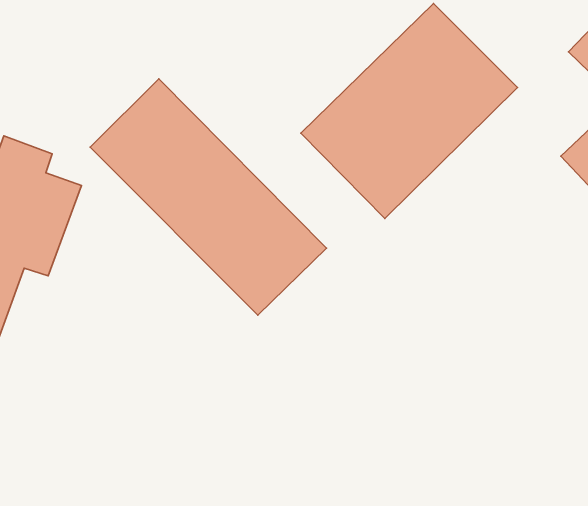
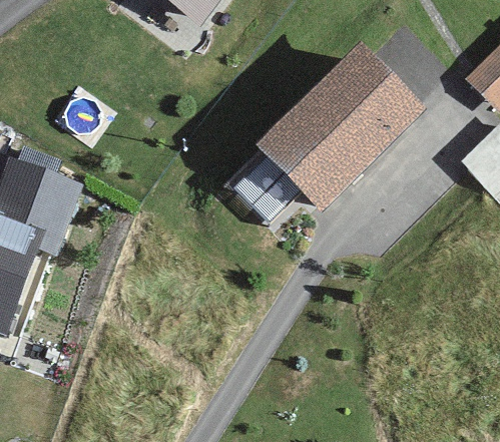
building: [90,79,327,315] -> none

